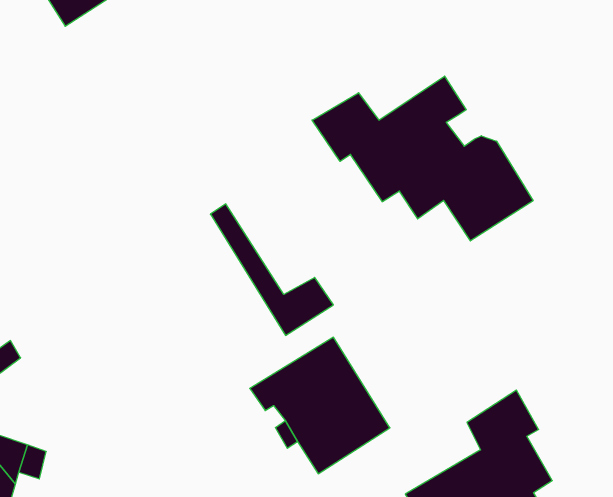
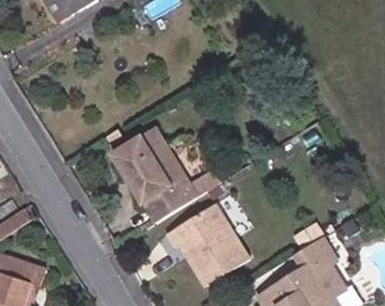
building: [312,76,533,241] -> none
building: none -> [109,131,187,223]

